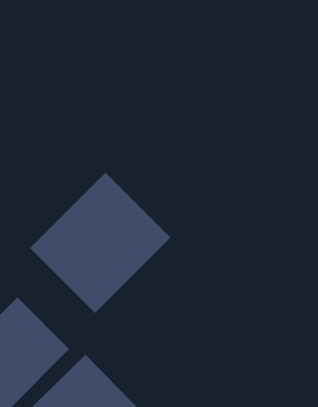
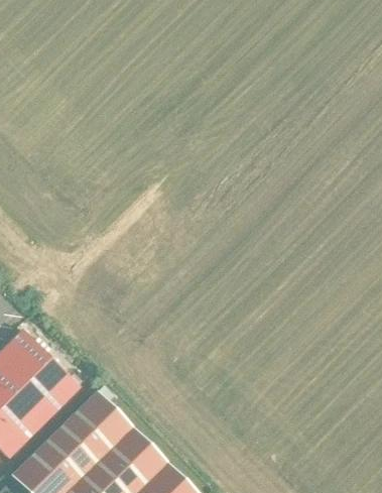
building: [29,172,171,314] -> none

